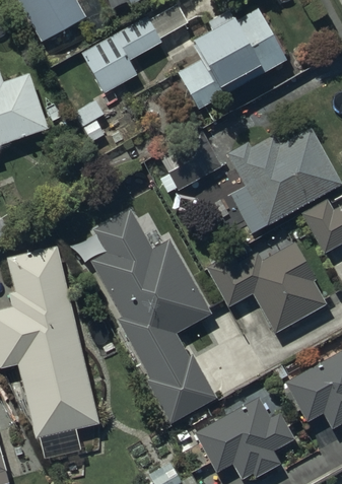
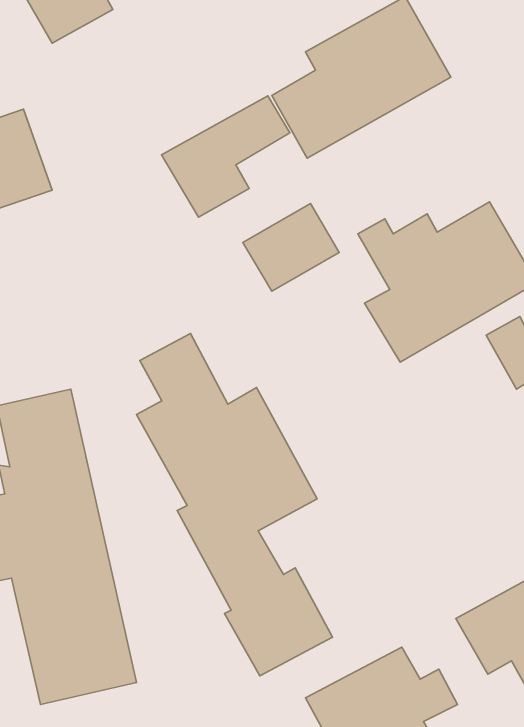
building: [82,18,159,91] -> [161,96,290,217]
building: [211,247,323,331] -> none

